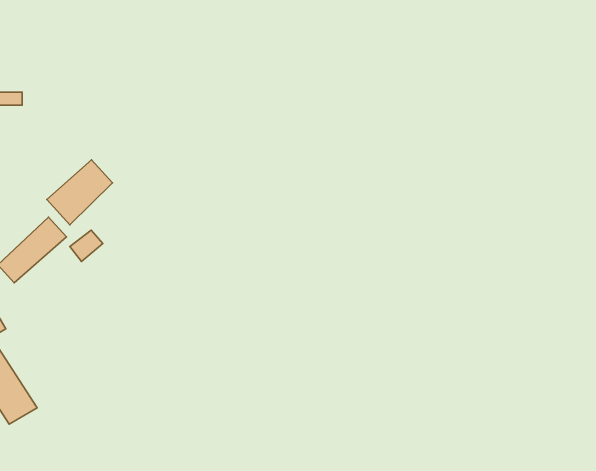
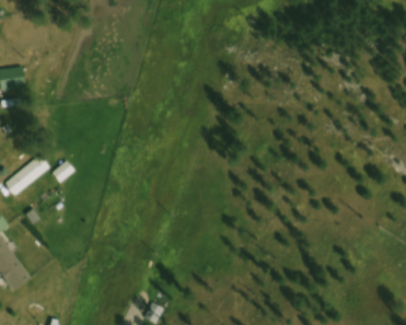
building: [47,160,113,225] -> none

